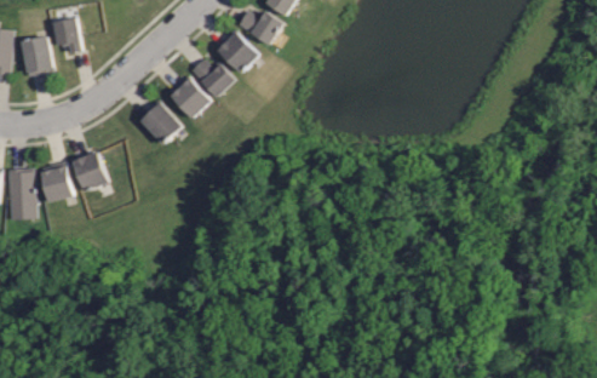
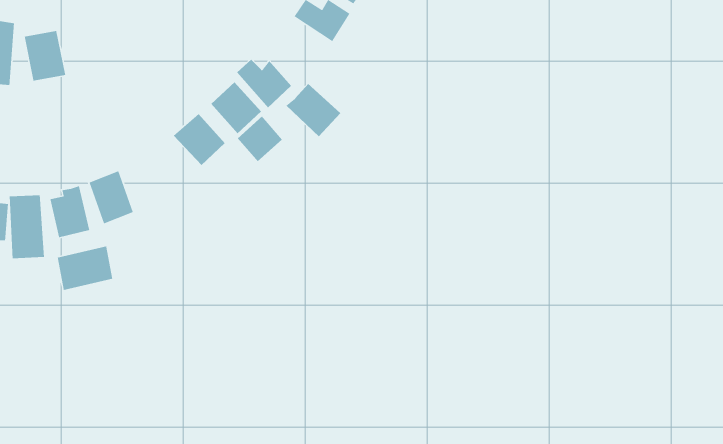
building: [51,16,81,52] -> none
building: [213,29,258,73] -> [286,83,341,137]
building: none -> [237,116,283,162]
building: none -> [57,245,113,291]

